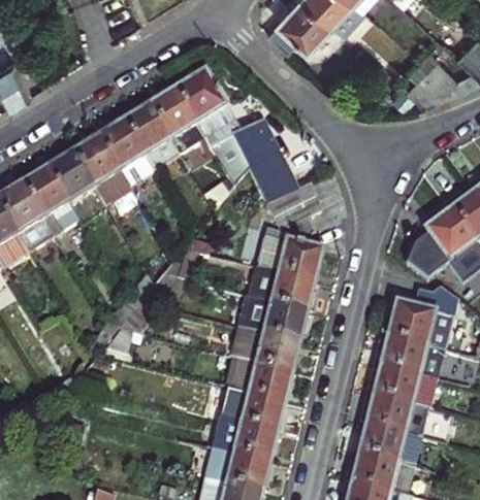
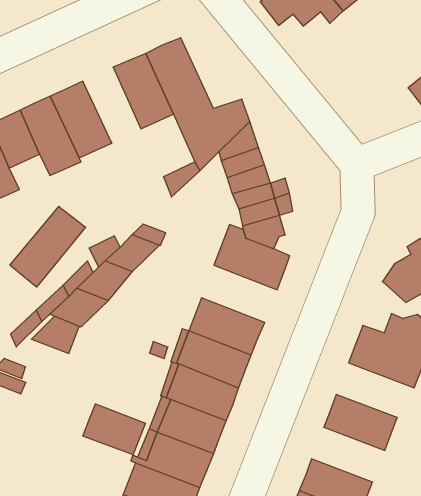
building: [122,104,178,170] -> none
building: none -> [10,206,86,287]
building: [249,265,314,309] -> none
building: [377,335,444,378] -> none
building: [362,394,425,436] -> none
building: none -> [83,404,146,455]

